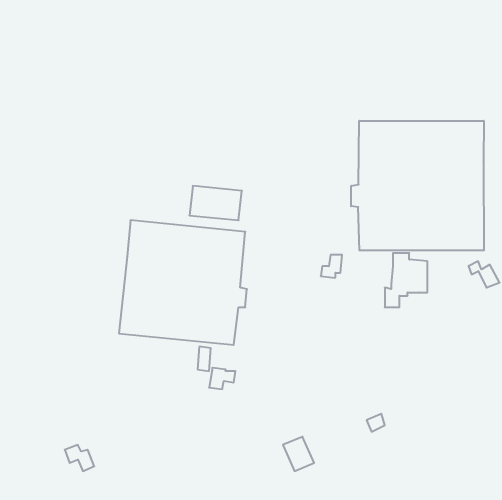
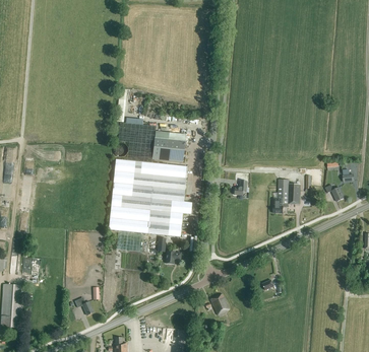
building: [351,121,484,250] -> none

